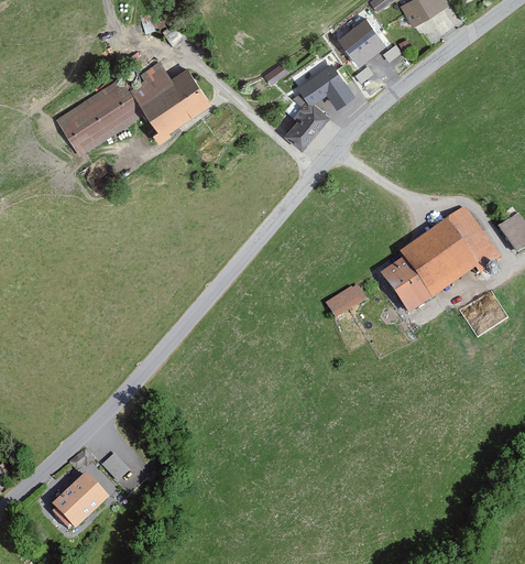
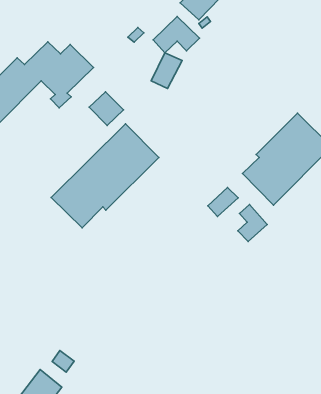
building: none -> [89,92,124,125]
building: none -> [51,124,159,228]
building: none -> [238,204,267,242]

